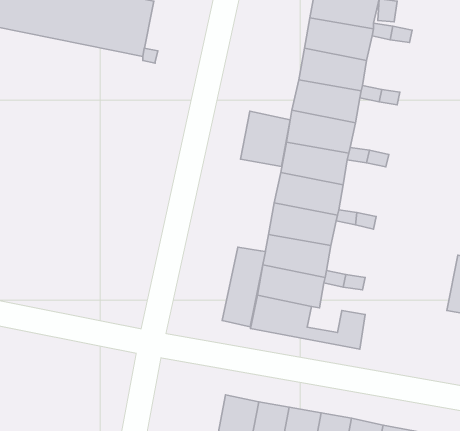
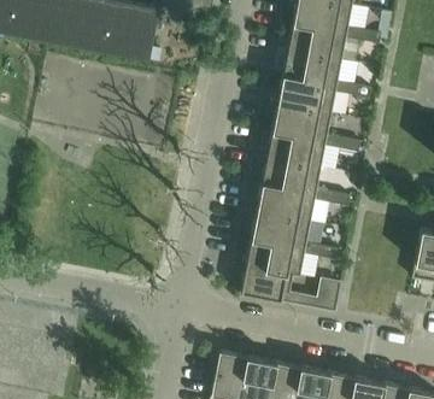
building: [240,111,290,166] -> none
building: [222,247,265,327] -> none

